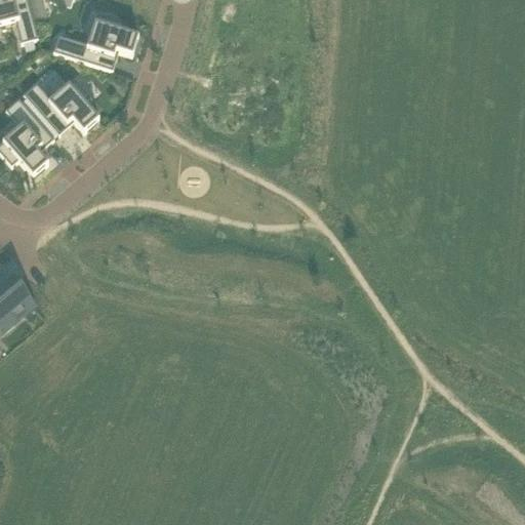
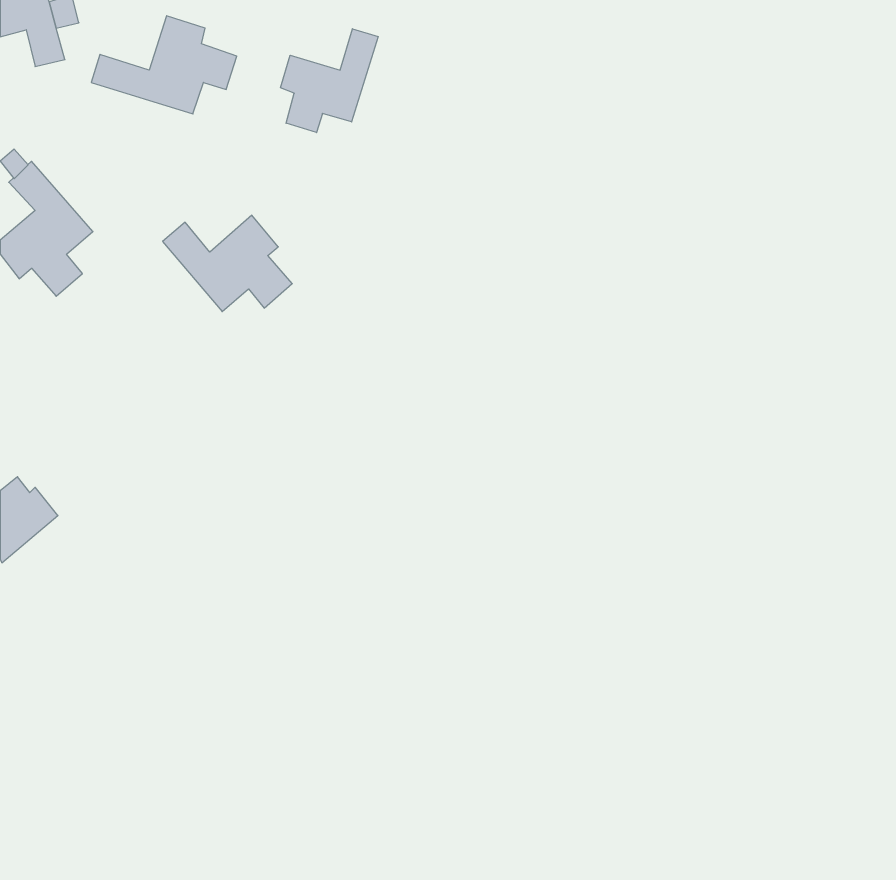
building: none -> [281,29,378,133]
building: [24,75,99,131] -> [163,215,292,312]

